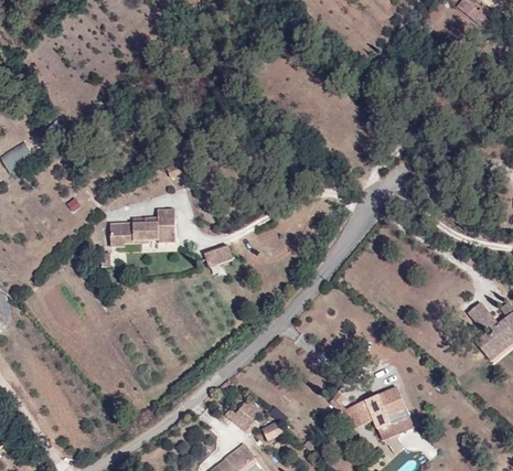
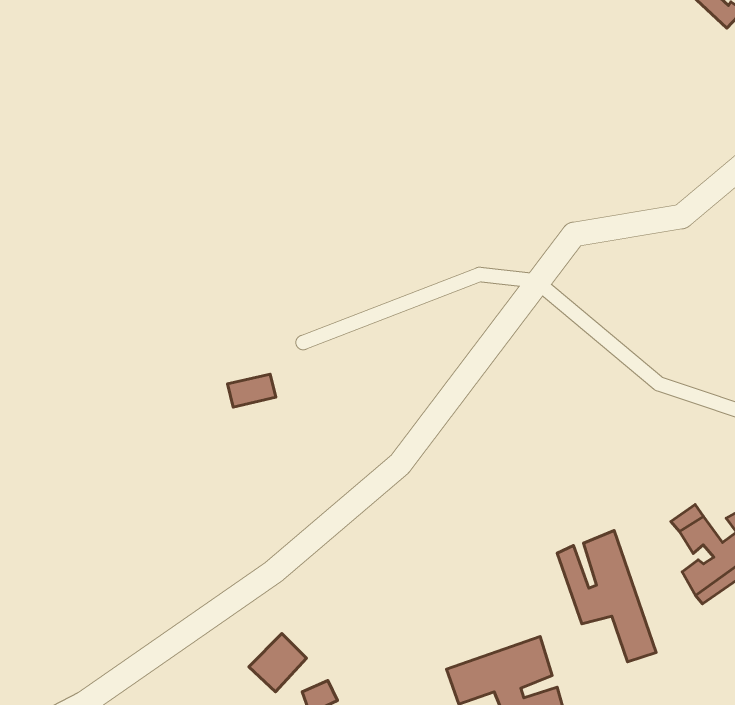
building: [109,210,174,248] -> none
building: none -> [557,531,656,662]

